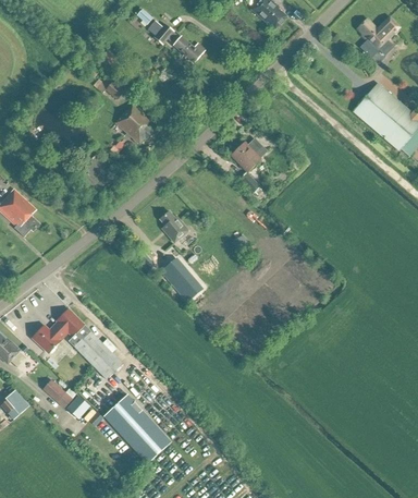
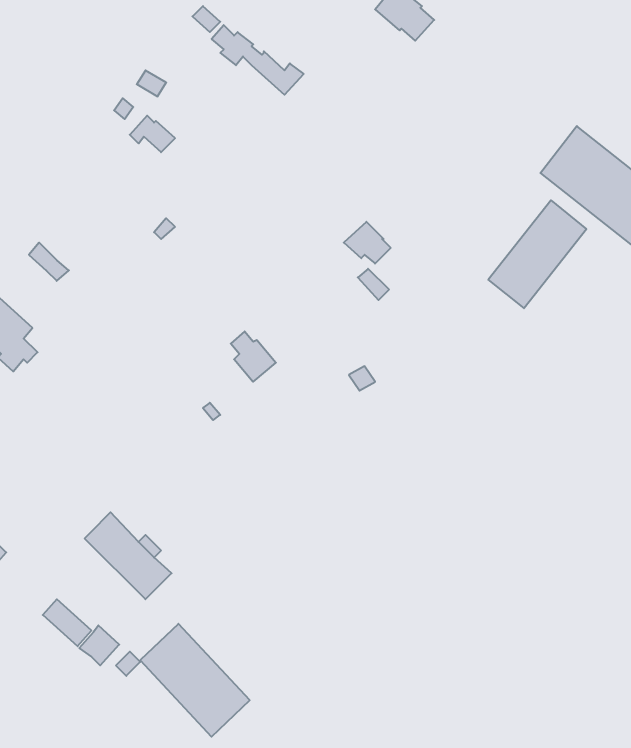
building: [357,17,399,58] -> none
building: [115,104,155,144] -> none
building: none -> [488,200,586,308]
building: [161,259,201,302] -> none
building: [33,309,85,353] -> none

